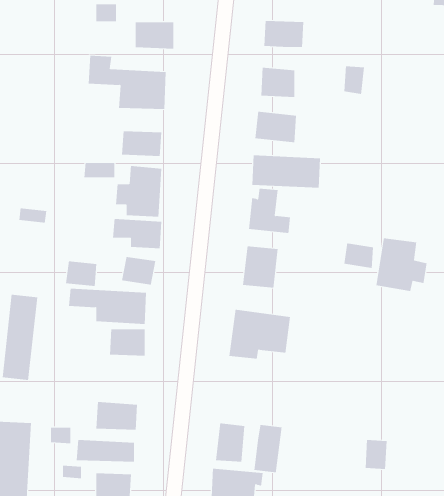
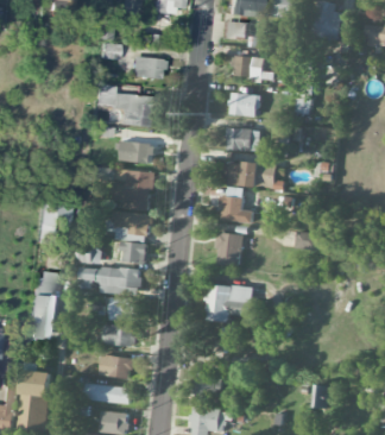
building: [376,238,427,292] -> none
building: none -> [105,326,135,346]
building: [254,424,282,473] -> none

